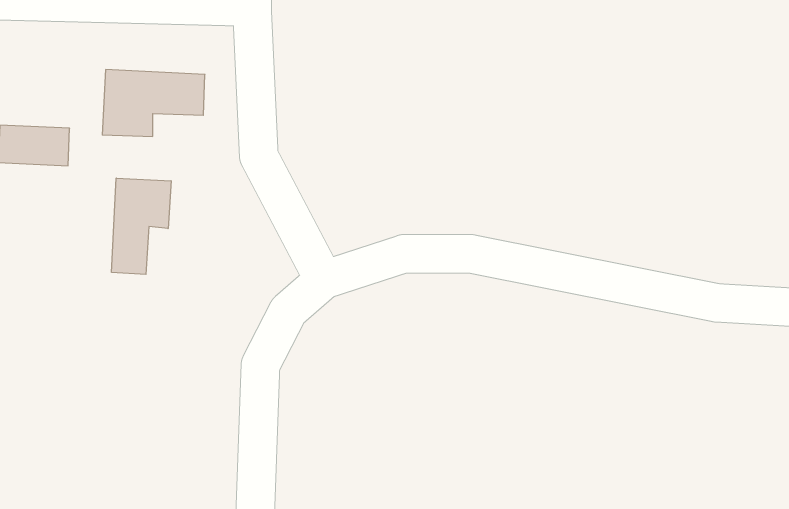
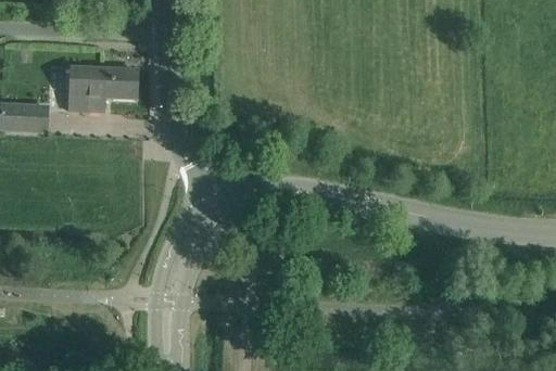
building: [112,178,171,274] -> none

